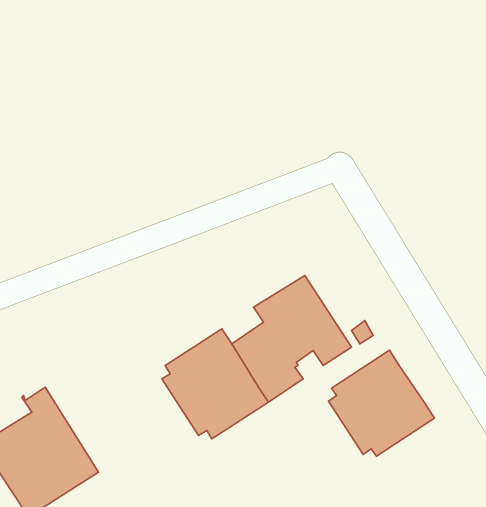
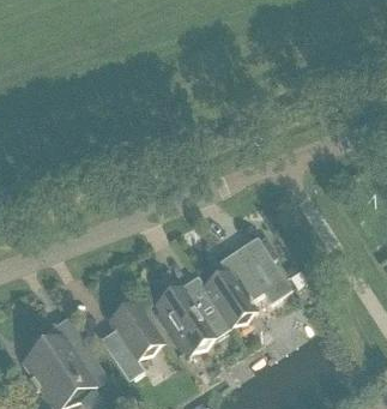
building: [328,350,435,456] -> none
building: none -> [98,300,161,379]

